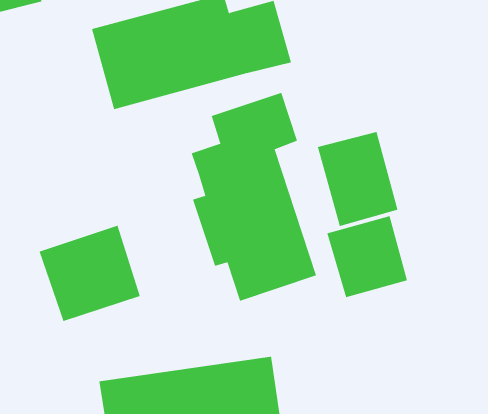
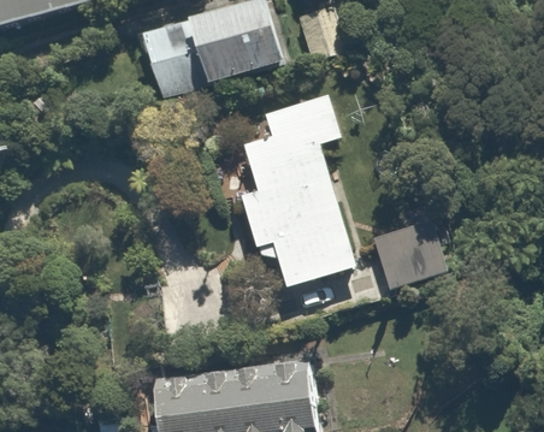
building: [317,131,398,227] -> none
building: [39,225,141,322] -> none

